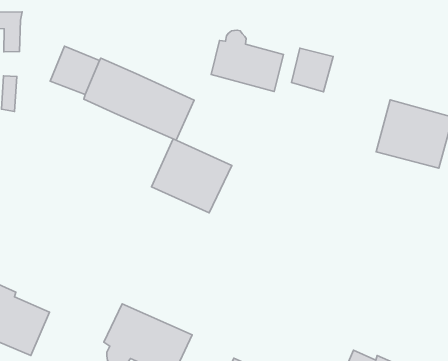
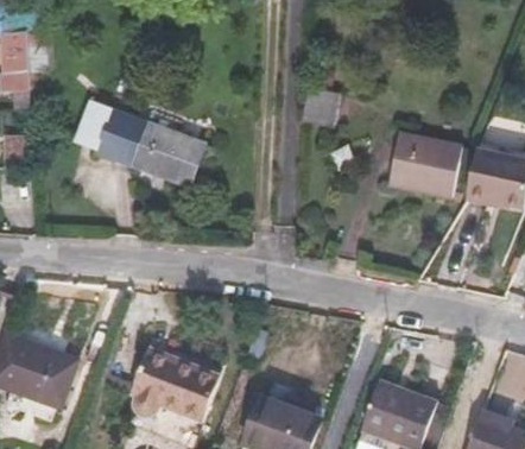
building: [211,30,283,91] -> none
building: [152,139,232,213] -> none

